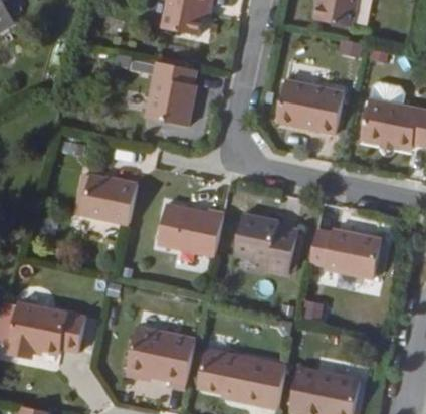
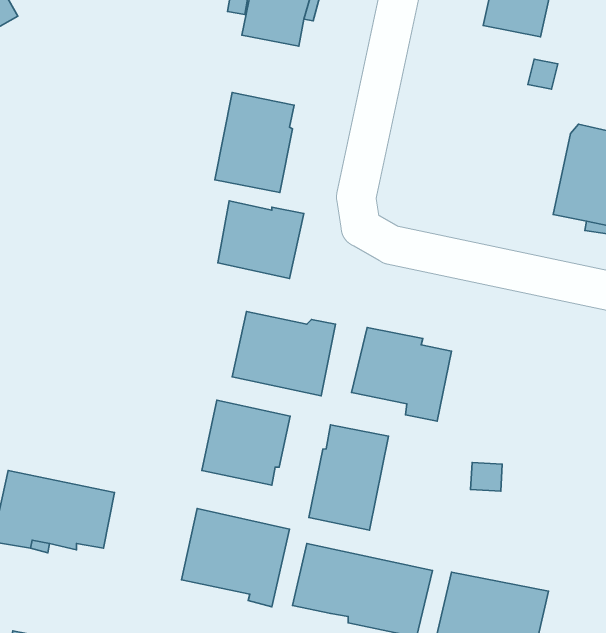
building: [277,81,346,136] -> none
building: [81,175,136,224] -> [218,201,304,279]
building: [307,227,380,277] -> none
building: none -> [202,400,290,485]
building: none -> [309,425,389,530]

